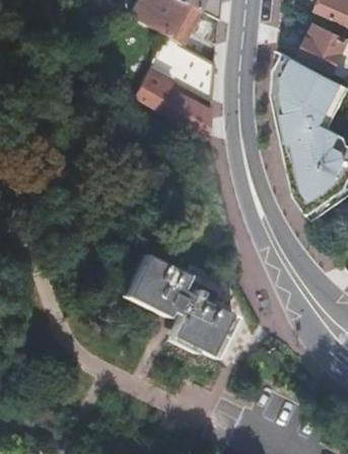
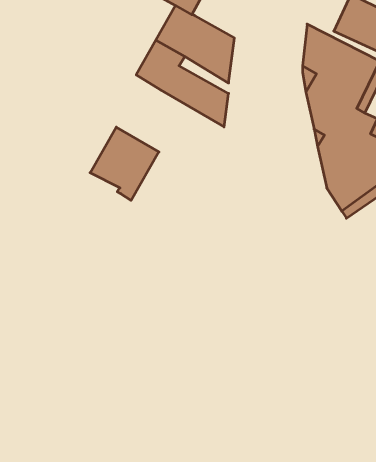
building: none -> [90,127,159,200]
building: [116,253,230,360] -> none

